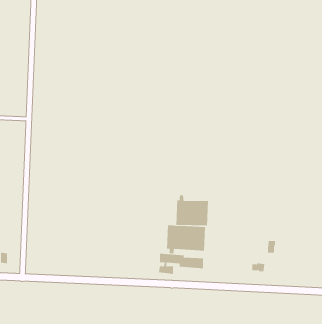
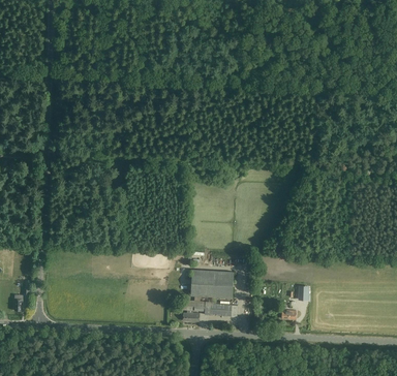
building: [176,195,208,226] -> none

